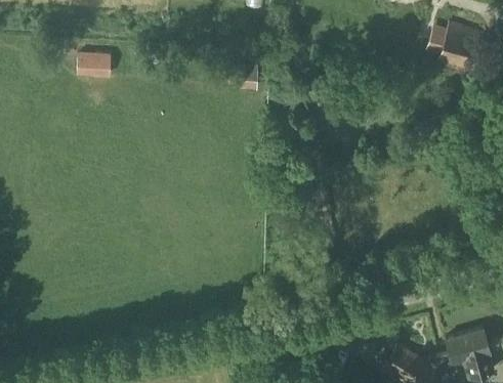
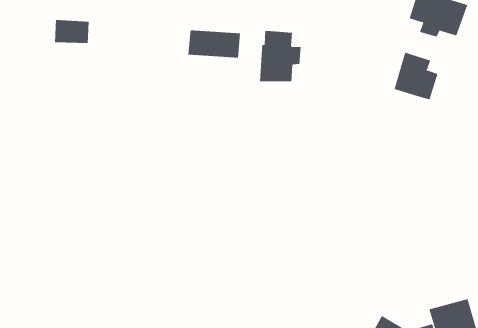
building: none -> [260,30,301,82]
building: none -> [394,52,438,100]

